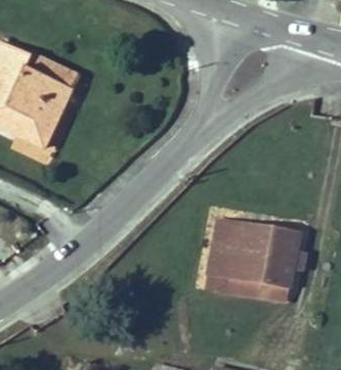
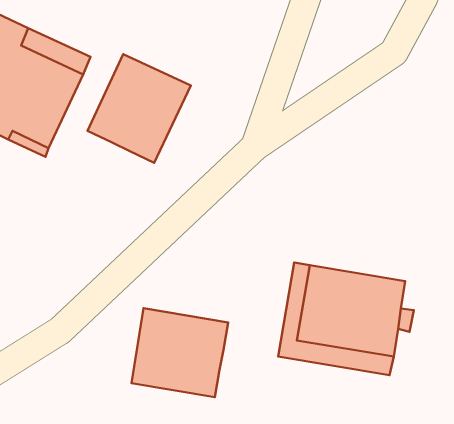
building: none -> [88,54,191,163]
building: none -> [131,308,228,397]

